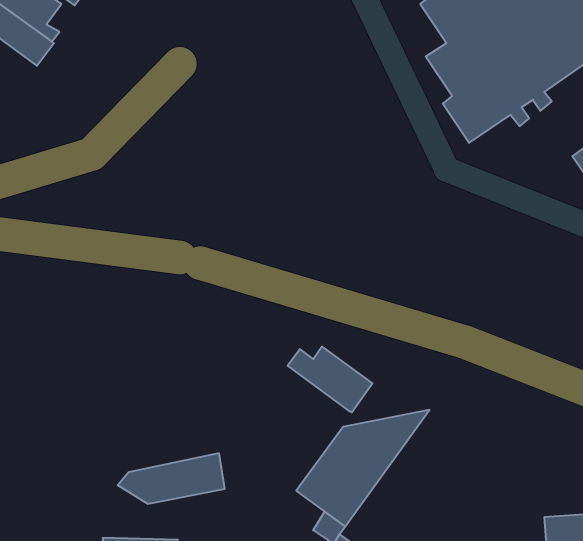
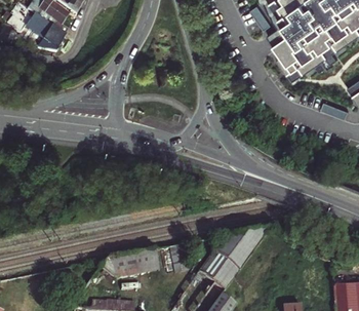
building: [288,347,372,412] -> none

